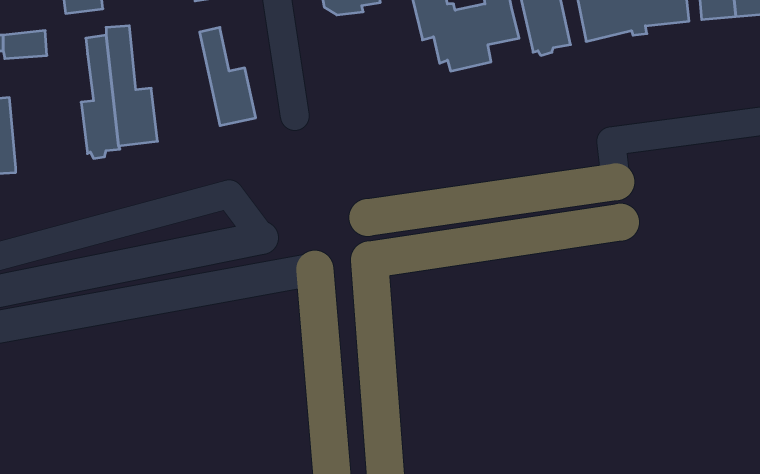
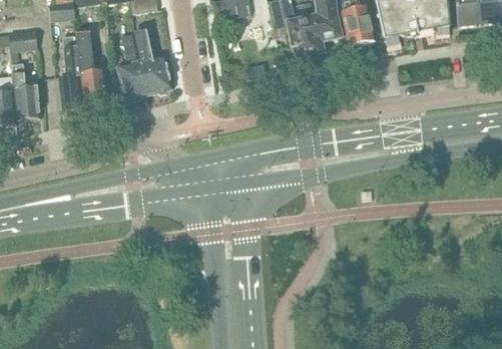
building: none -> [118,33,148,98]
building: none -> [12,62,41,120]

